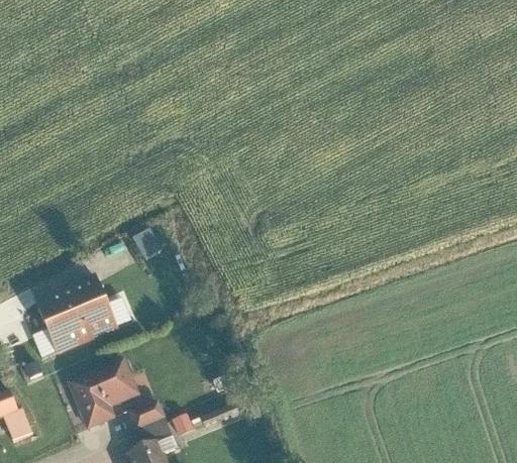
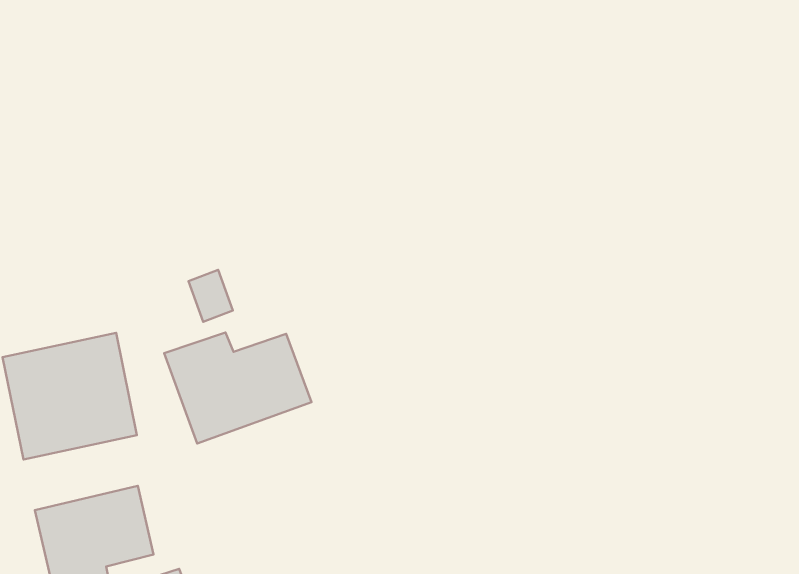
building: none -> [164,332,312,443]

